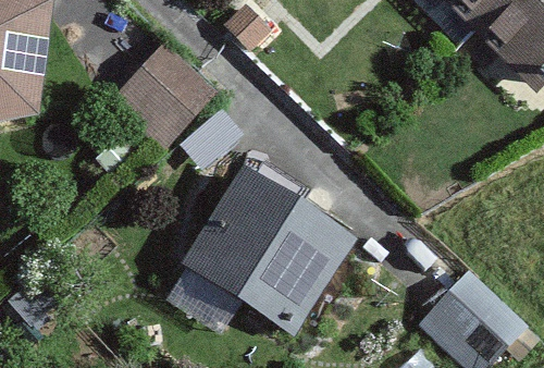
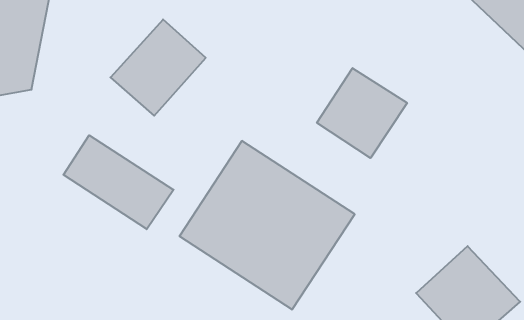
building: none -> [317,68,407,158]
building: none -> [63,135,174,229]

